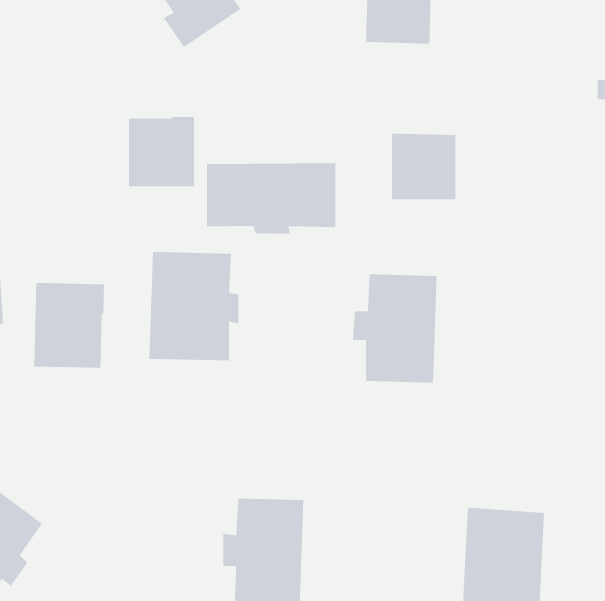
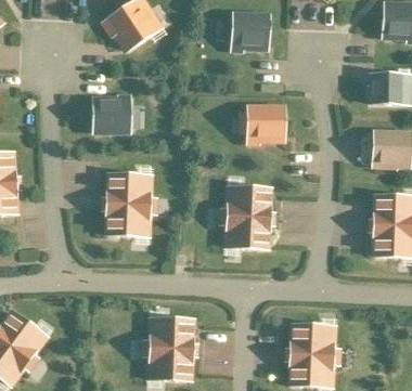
building: [207,162,336,234] -> none
building: [34,282,105,369] -> none

